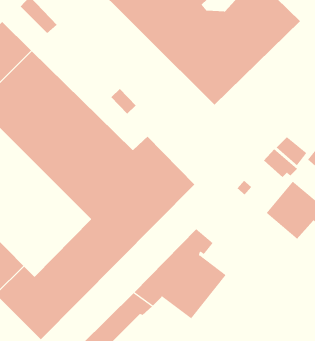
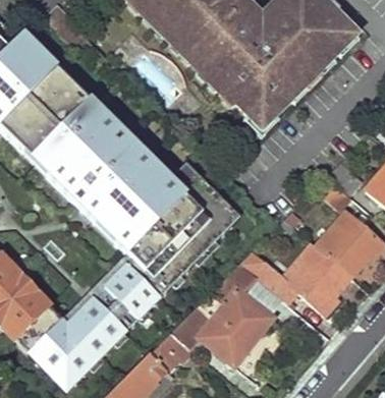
building: none -> [241,242,353,314]

